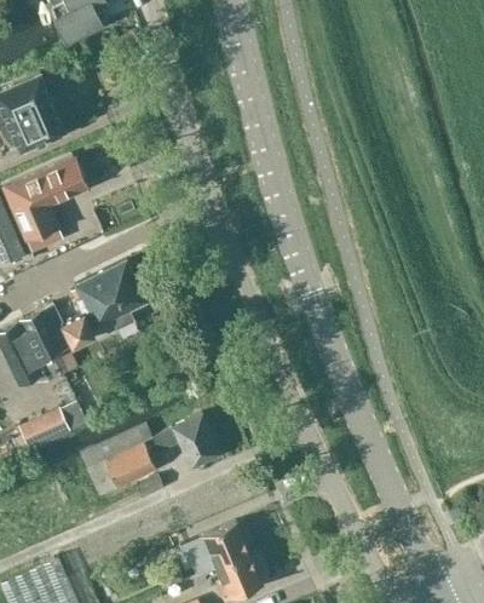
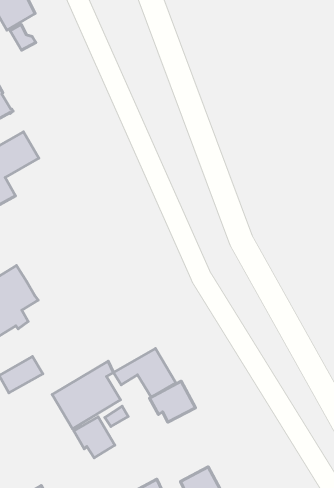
building: [63,262,146,341] -> none
building: none -> [74,417,115,458]
building: [197,522,248,567] -> [149,381,195,422]

